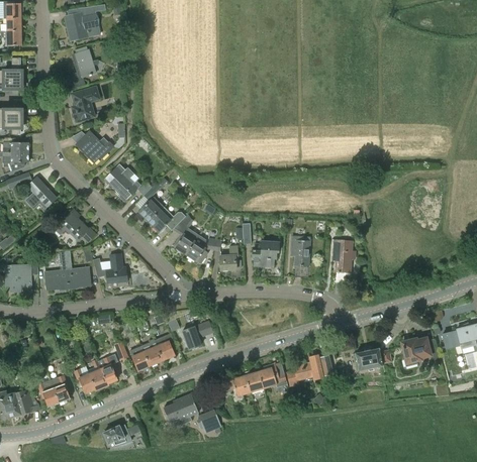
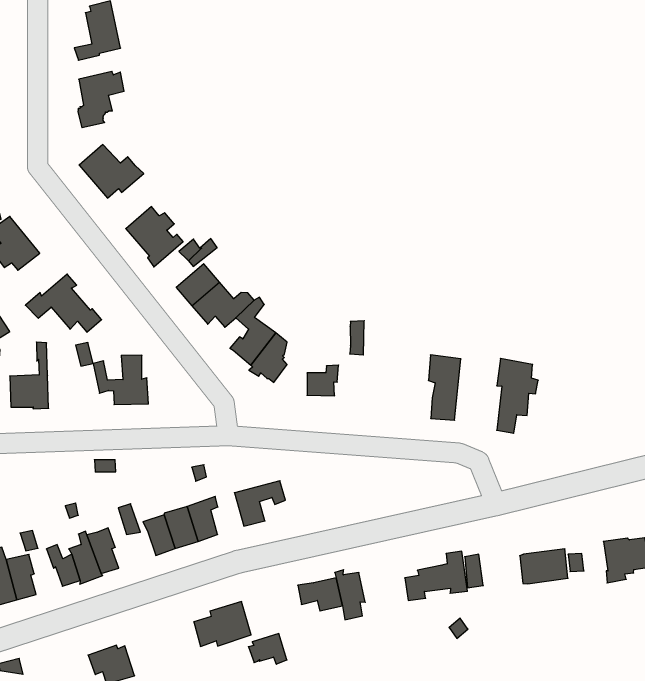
building: [252,241,279,267] -> none
building: [65,249,91,288] -> none
building: [259,363,286,388] -> none

